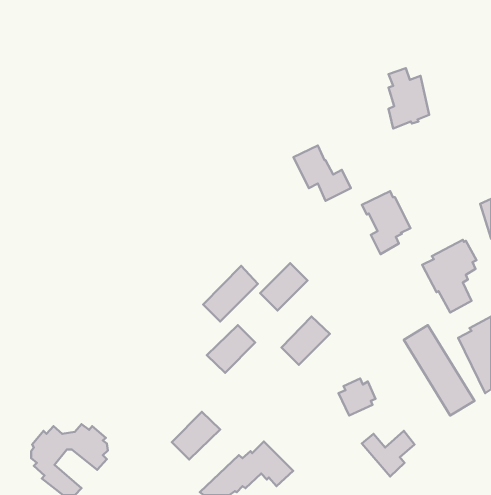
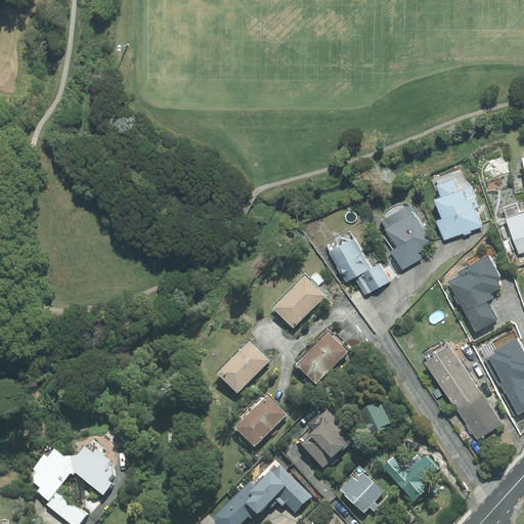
building: [388,68,429,128] -> [438,175,481,238]
building: [293,145,351,201] -> [329,235,389,294]
building: [203,266,258,322] -> none
building: none -> [302,409,353,468]
building: [172,412,220,460] -> [235,396,287,446]
building: none -> [338,475,383,514]

